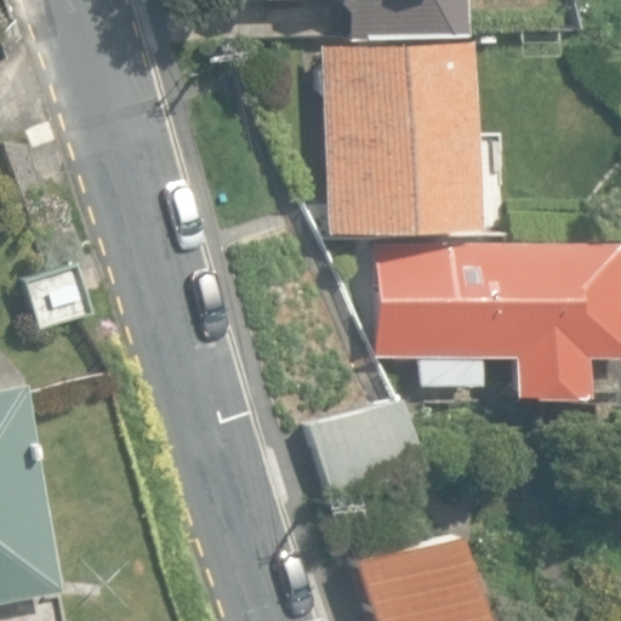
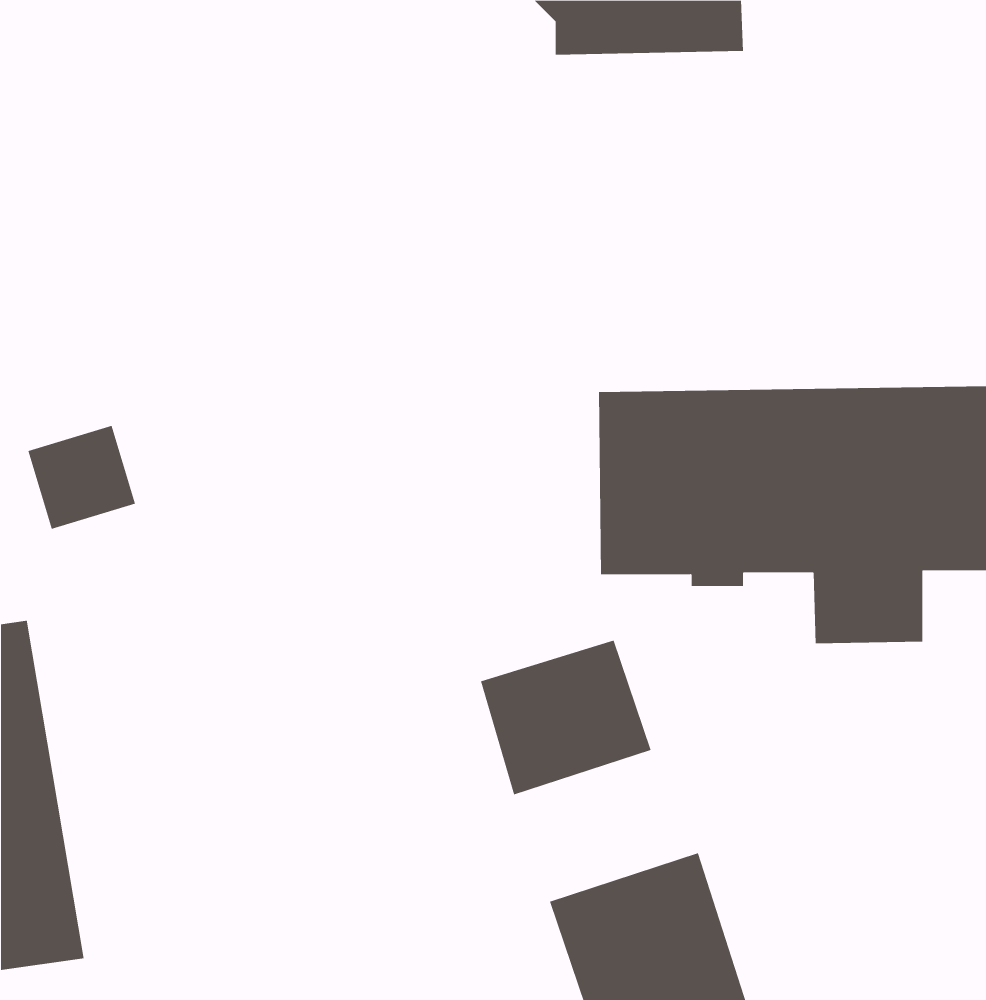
building: [321,41,475,234] -> none

